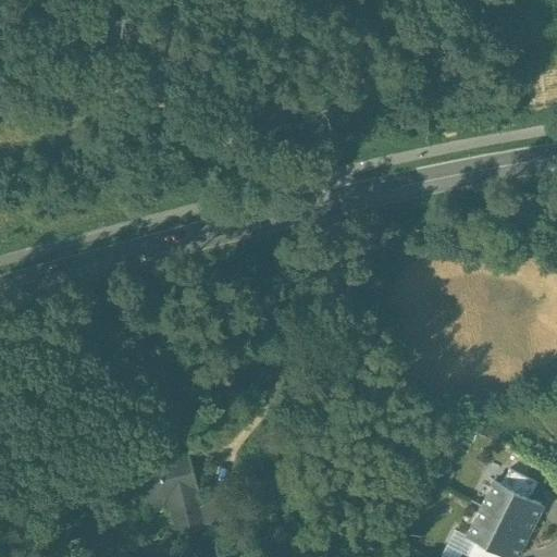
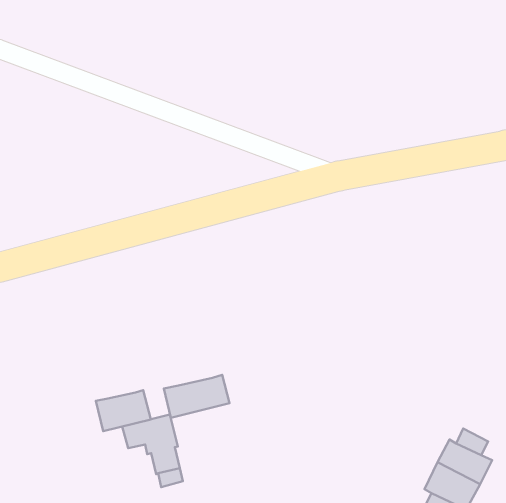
building: none -> [164,375,229,418]
building: none -> [96,390,151,431]

